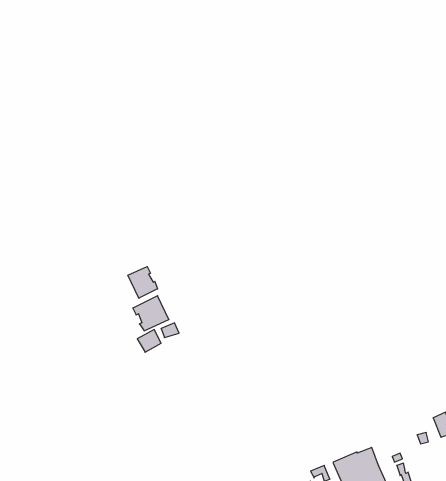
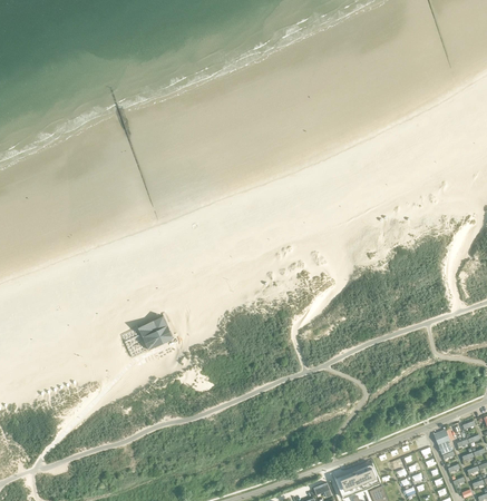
building: [128,267,158,298] -> none

